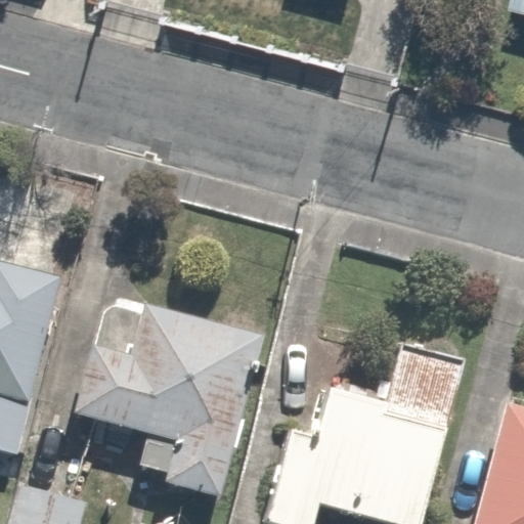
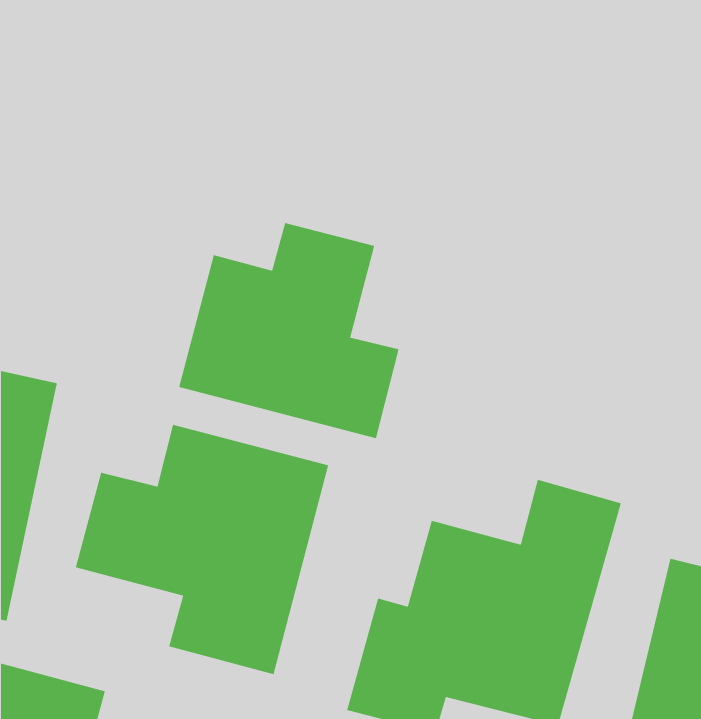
building: none -> [178,222,399,439]

